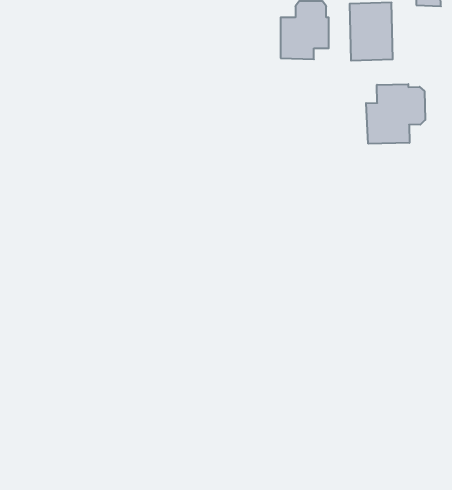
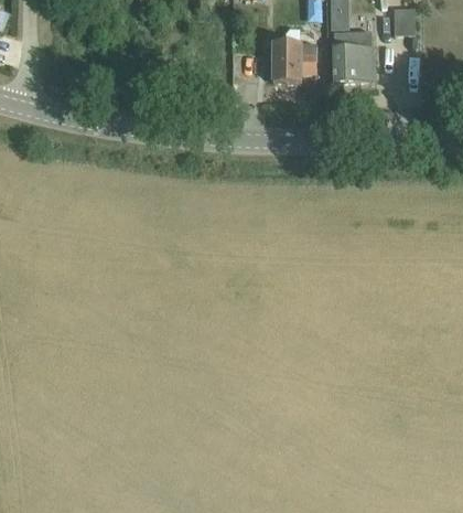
building: [366,84,425,144] -> none

